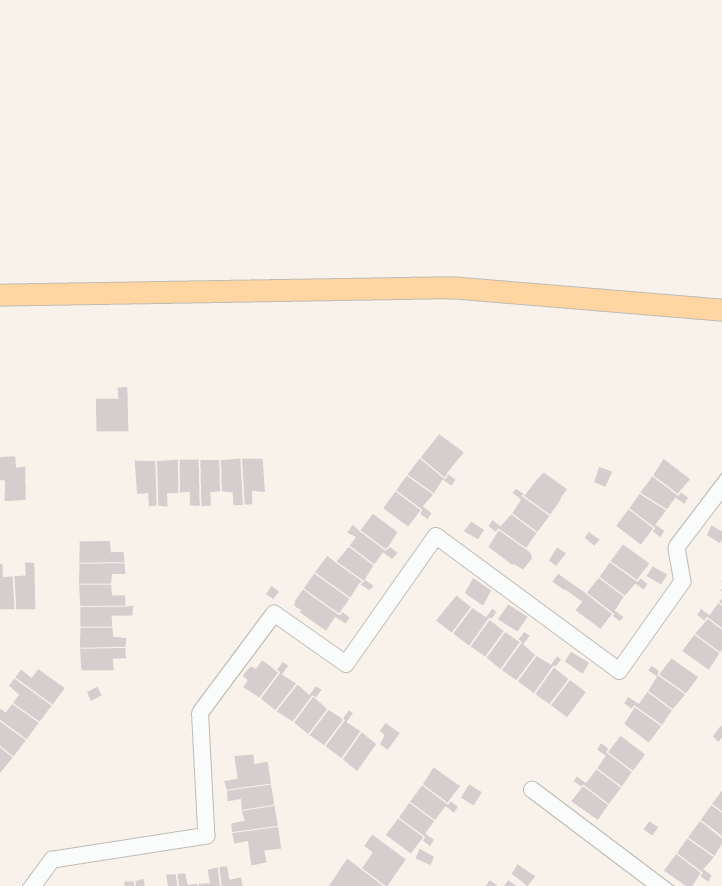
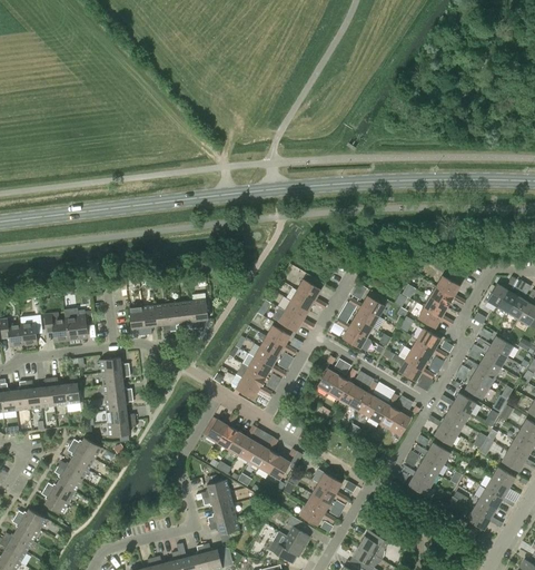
building: [95,386,129,432] -> [65,309,87,338]

